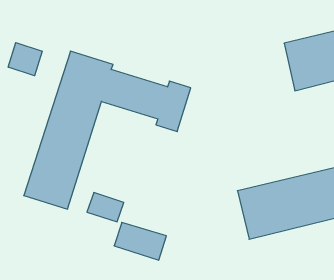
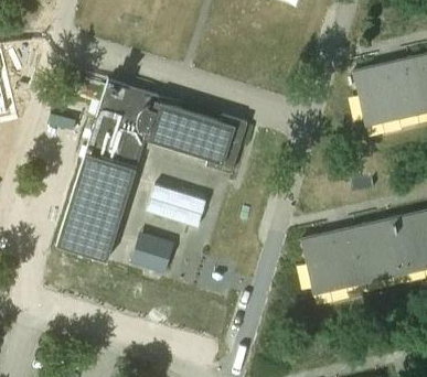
building: [8,43,42,76] -> none
building: [114,222,166,260] -> [146,184,205,227]

